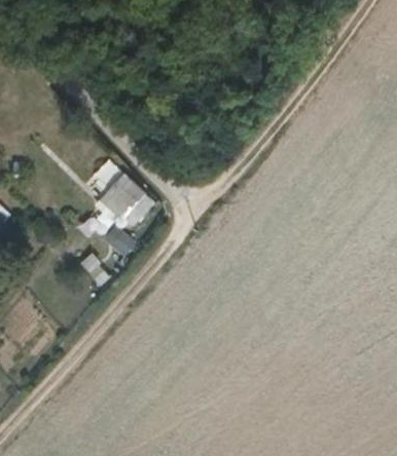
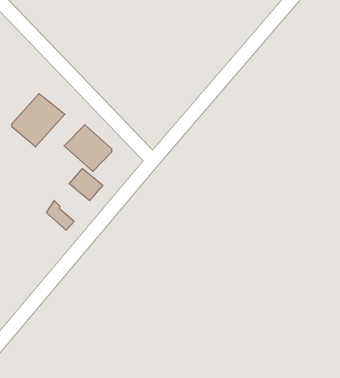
building: none -> [12,94,65,147]

